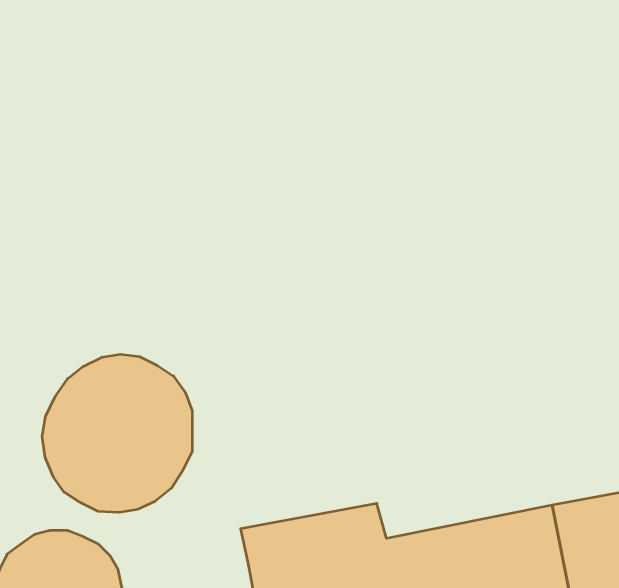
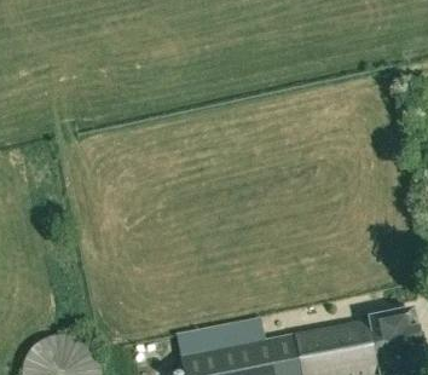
building: [42,354,192,512] -> none

